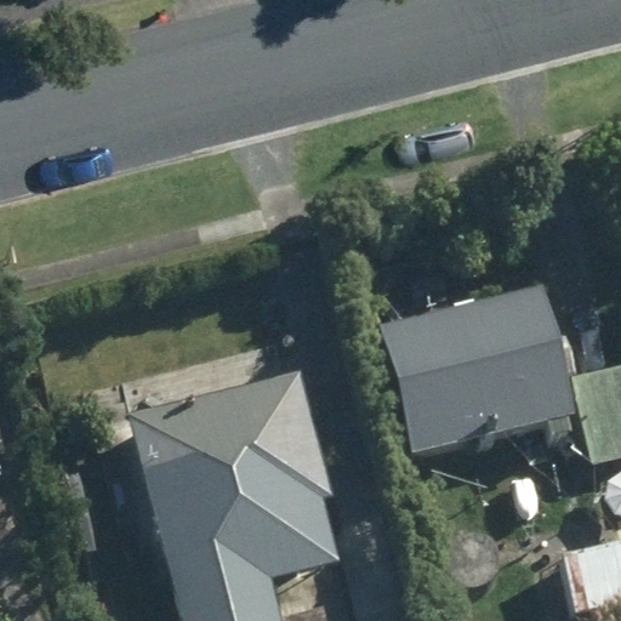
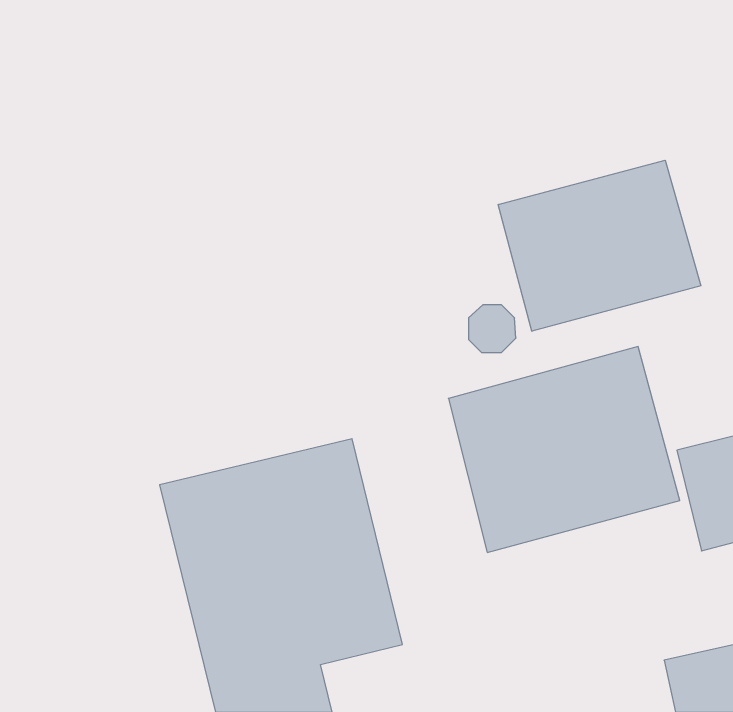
building: none -> [498,160,701,331]

